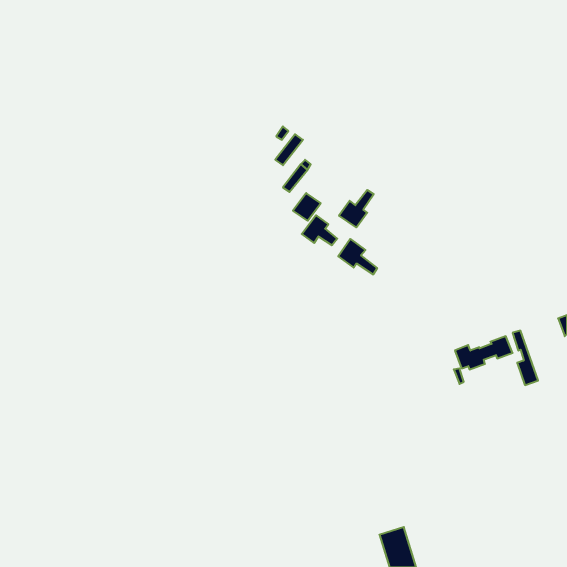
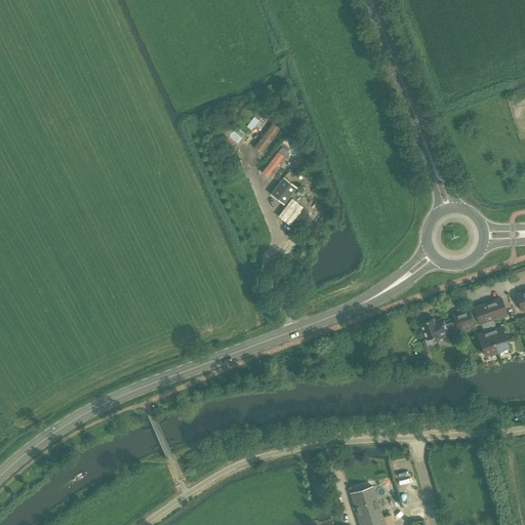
building: [339,190,374,227] -> none
building: [338,239,377,275] -> none
building: none -> [481,298,509,352]

